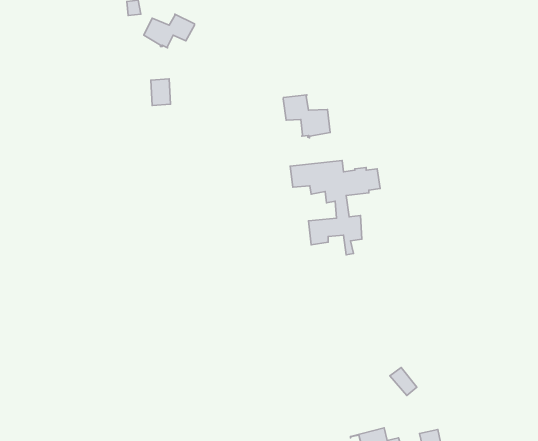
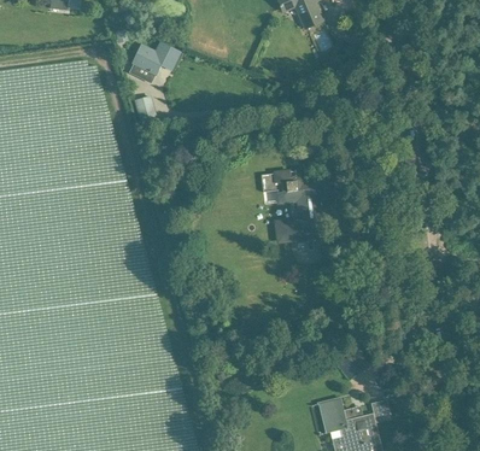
building: [283,95,330,138] -> none

